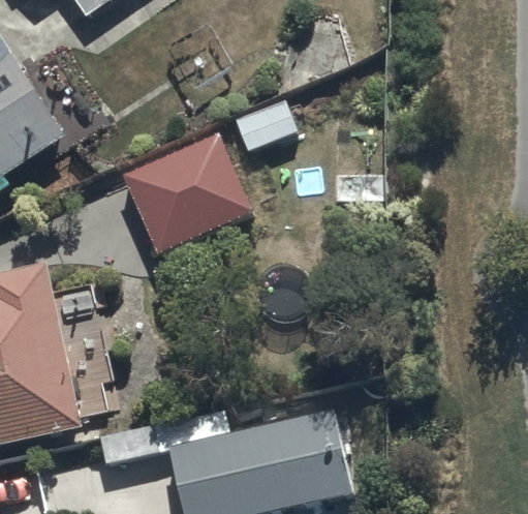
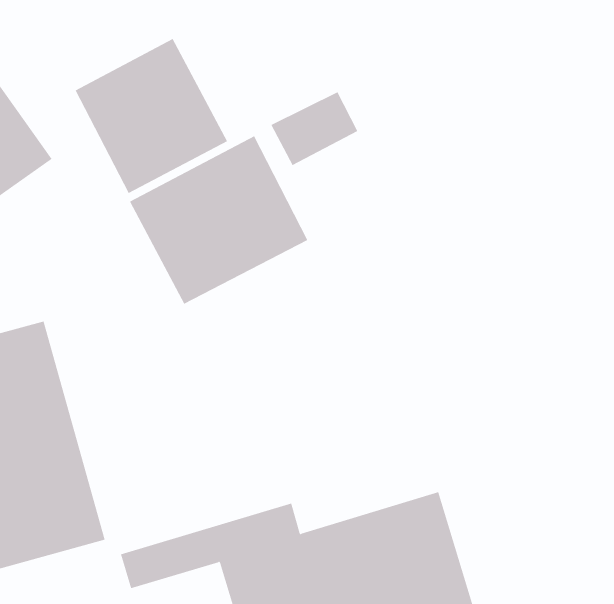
building: none -> [75,38,228,194]

